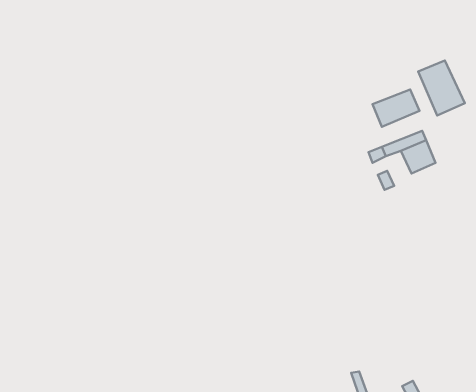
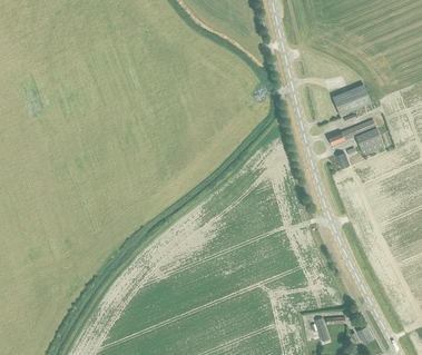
building: [418,60,465,115] -> none

